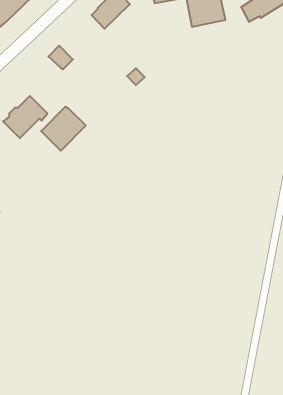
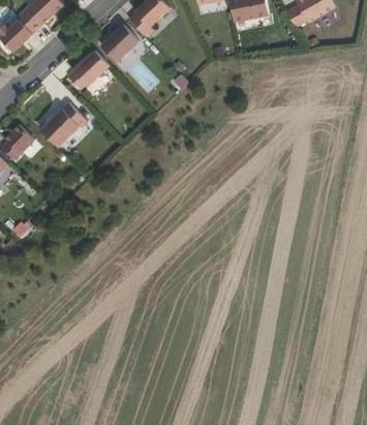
building: none -> [102,23,141,60]
building: none -> [64,59,99,90]
building: [41,107,86,151] -> none

